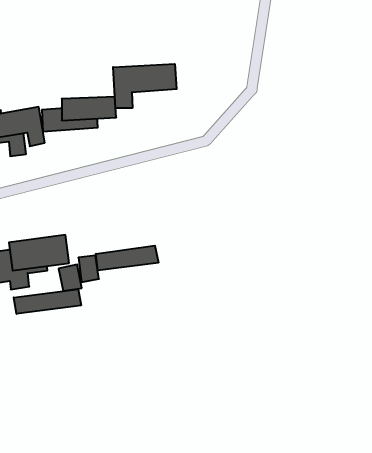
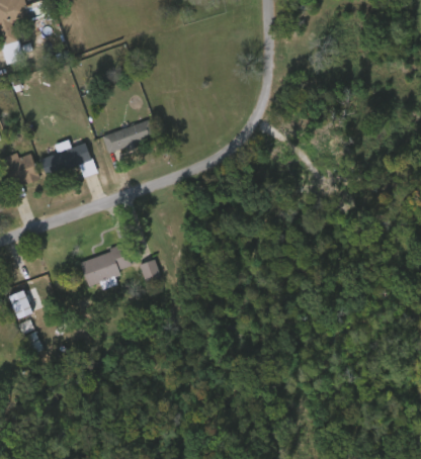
building: [113,64,177,108] -> none
building: [96,246,158,270] -> none
building: [14,289,81,314] -> none

